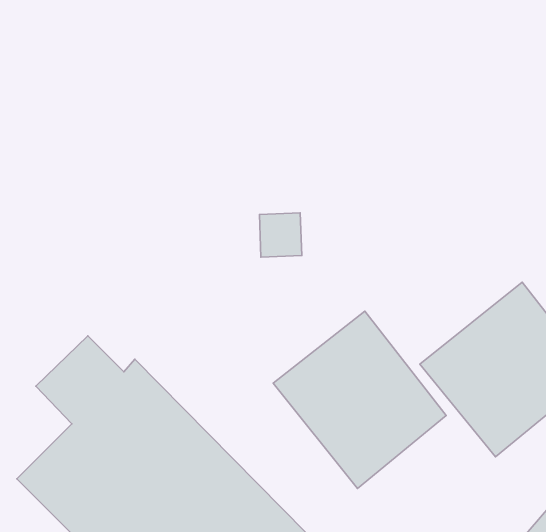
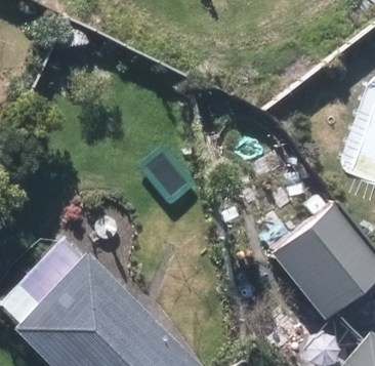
building: [273,311,446,488] -> none

